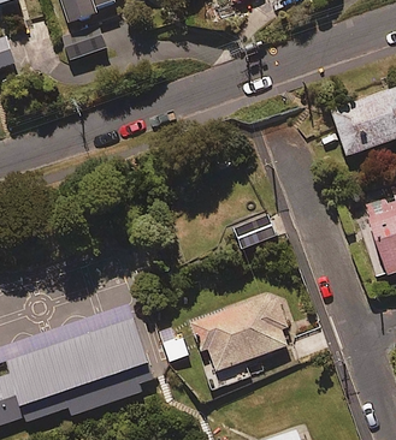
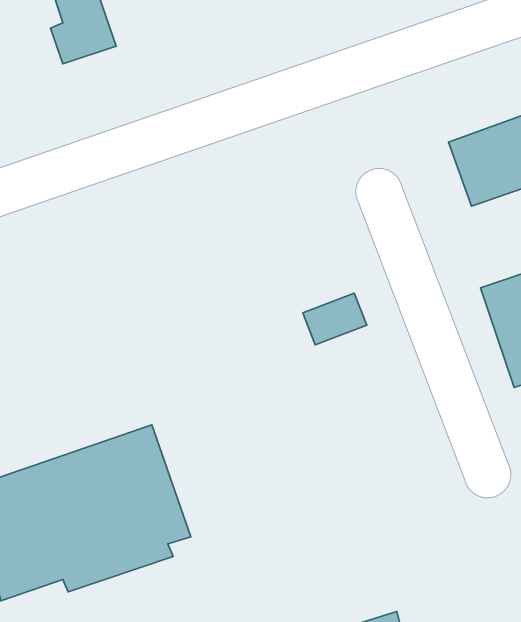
building: [190,291,288,371] -> none

